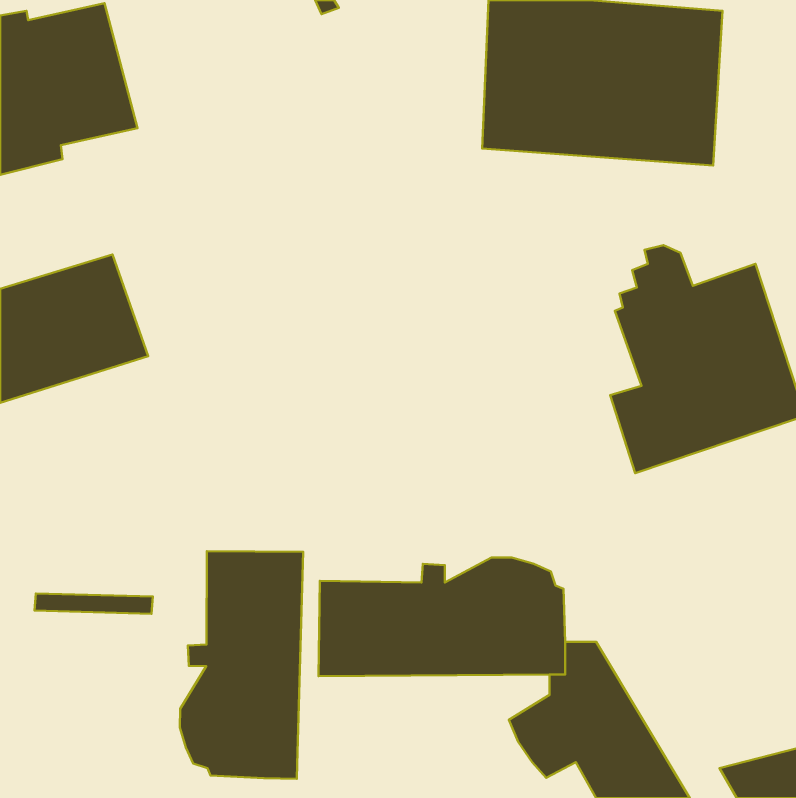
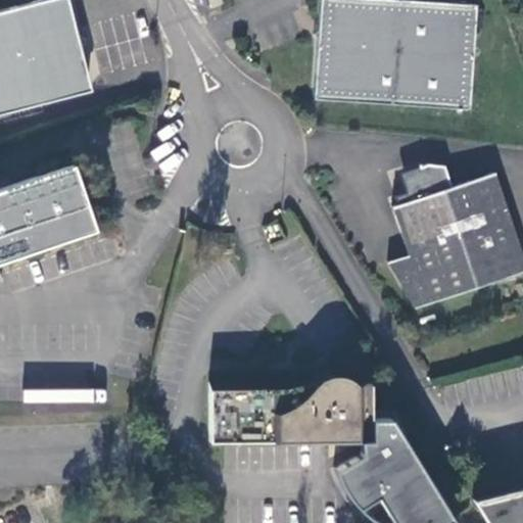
building: [180,551,303,779] -> none

